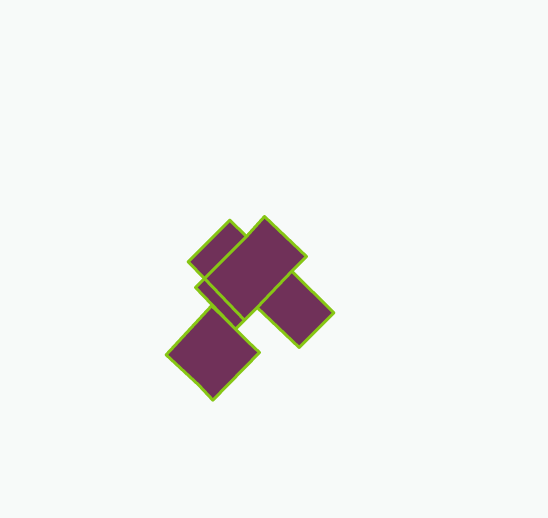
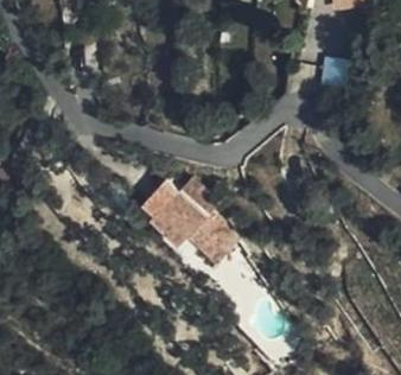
building: [166,306,259,400] -> none

